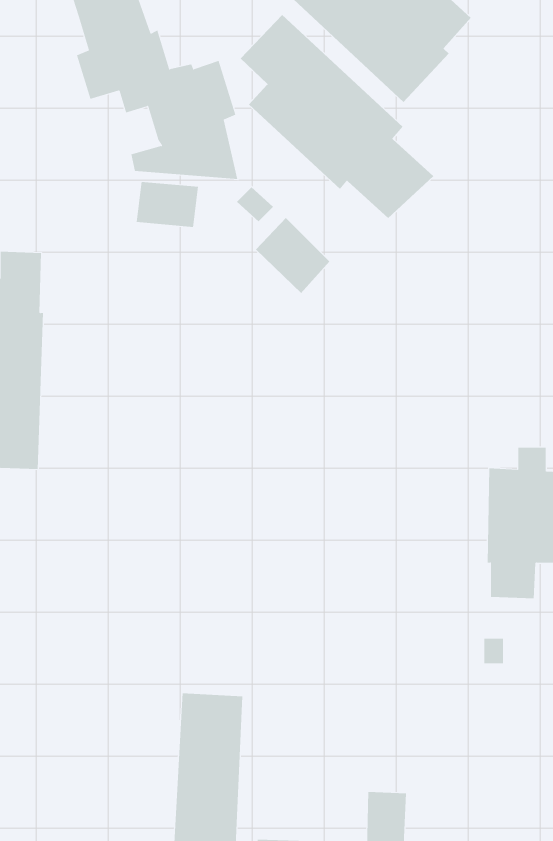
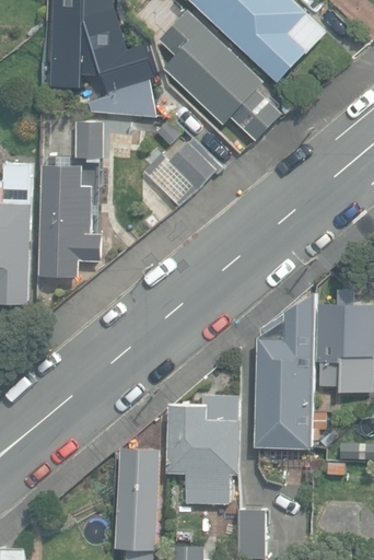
building: none -> [38,165,101,278]
building: none -> [256,294,313,464]
building: none -> [167,394,241,504]

